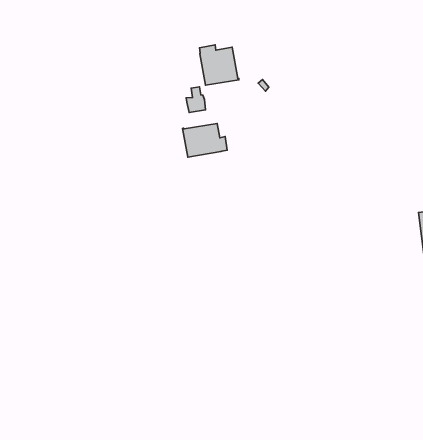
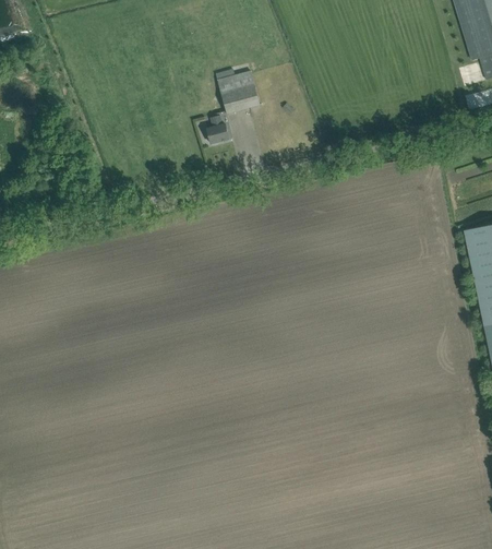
building: [183,123,227,157] -> none

